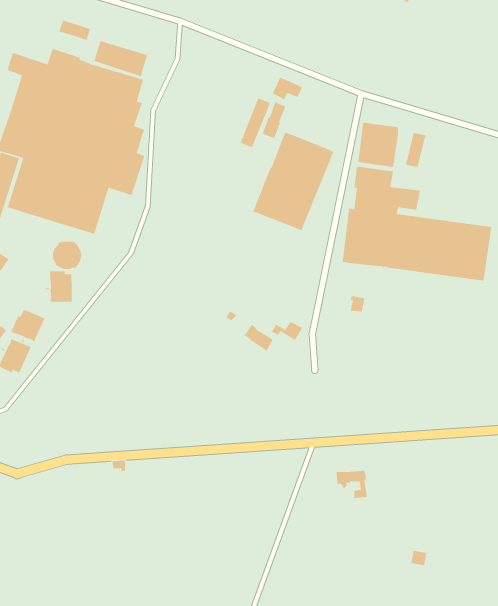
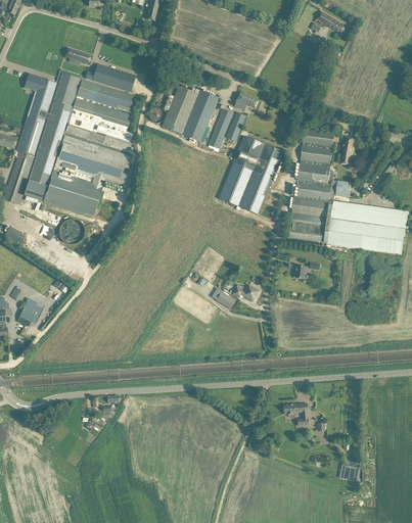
building: none -> [161,85,218,141]
building: [45,270,72,303] -> none
building: [10,309,45,343] -> none

